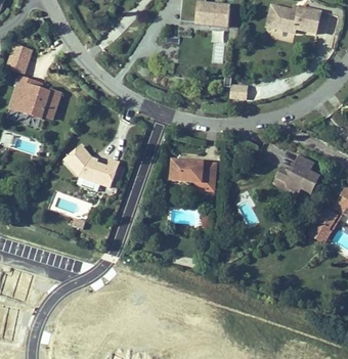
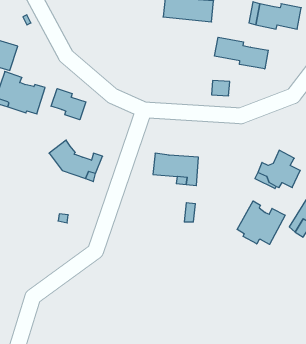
building: none -> [215,37,268,69]
building: none -> [51,89,86,120]
building: none -> [237,201,285,244]

